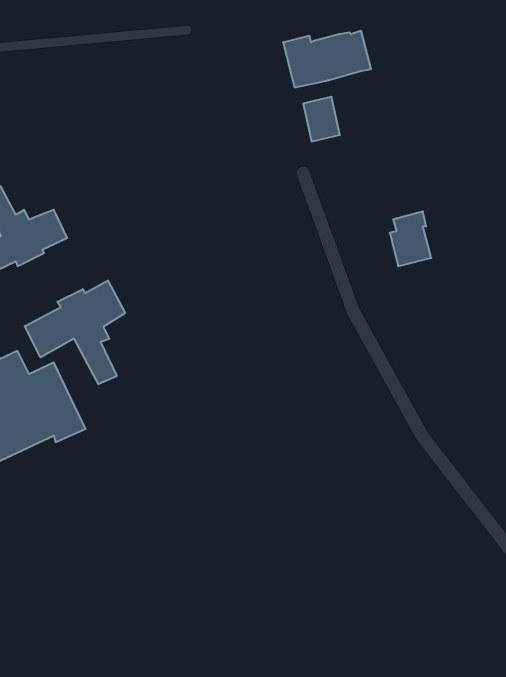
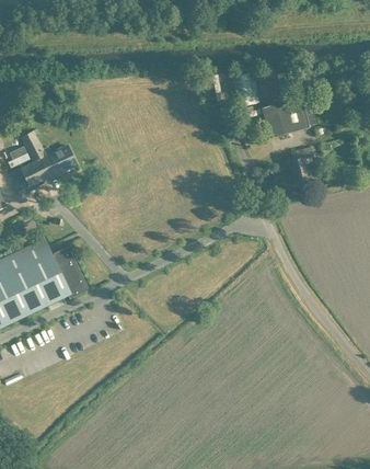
building: [283,31,371,87] -> [259,100,317,137]
building: [25,281,125,384] -> none

